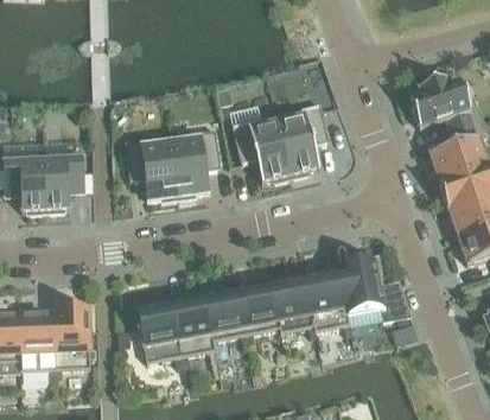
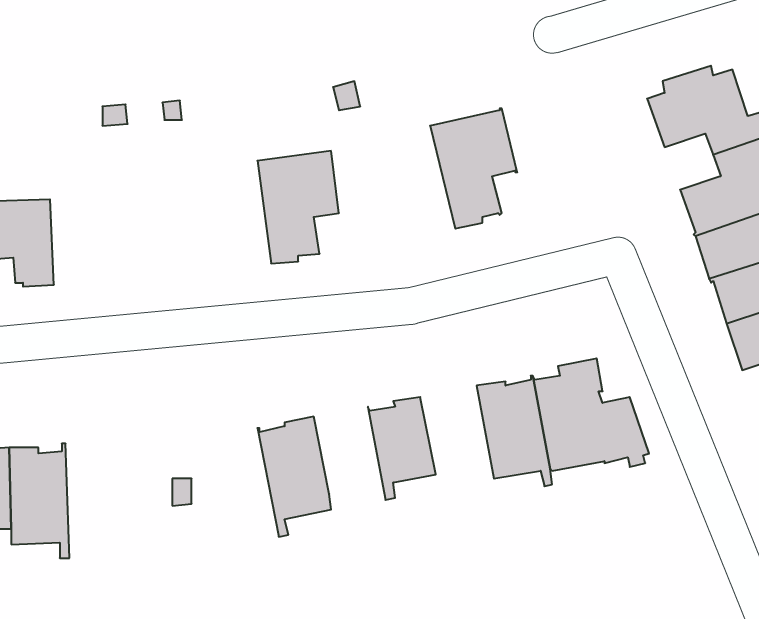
building: [231,113,291,180] -> none
building: [125,134,178,199] -> none
building: [43,155,84,210] -> none
building: [269,272,314,335] -> none
building: [204,285,248,343] -> none
building: [134,298,183,365] -> none
building: [52,306,90,377] -> none

